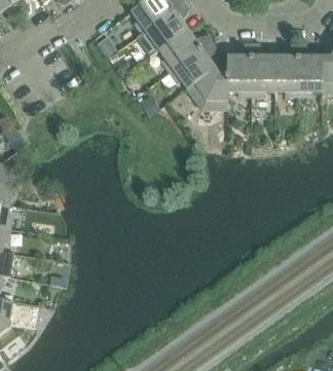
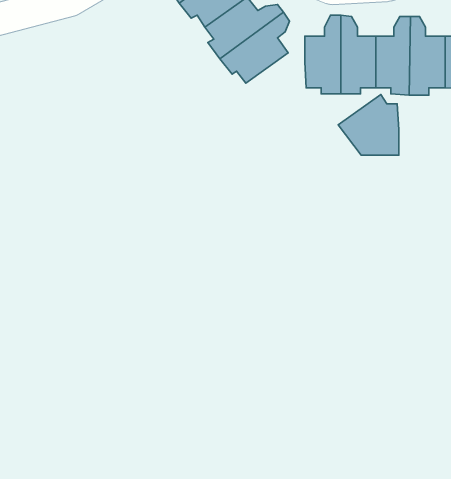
building: [186,68,227,109] -> [338,95,399,155]

